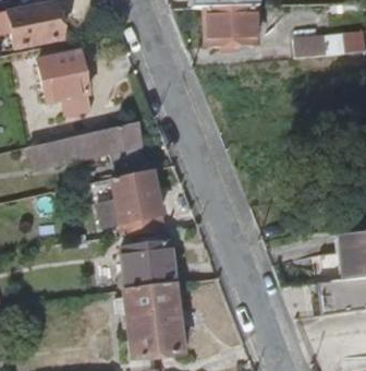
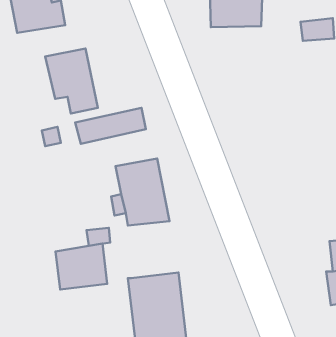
building: [124,242,174,287] -> [56,244,107,289]

